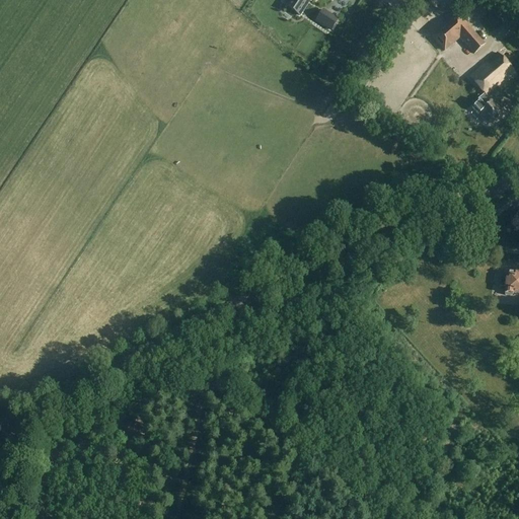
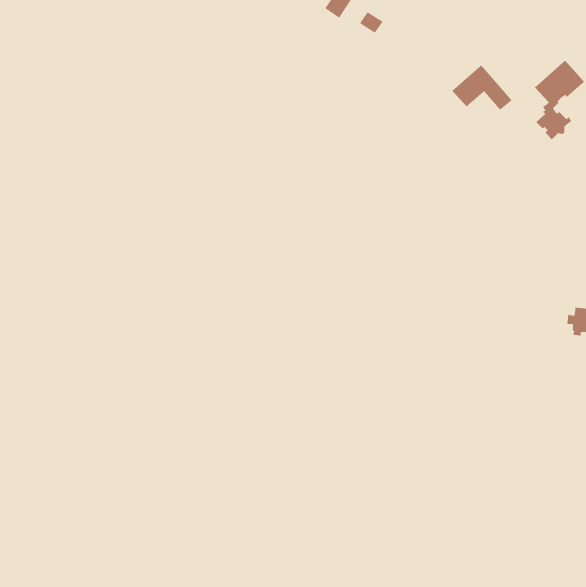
building: [433,13,487,54] -> [452,64,513,110]

